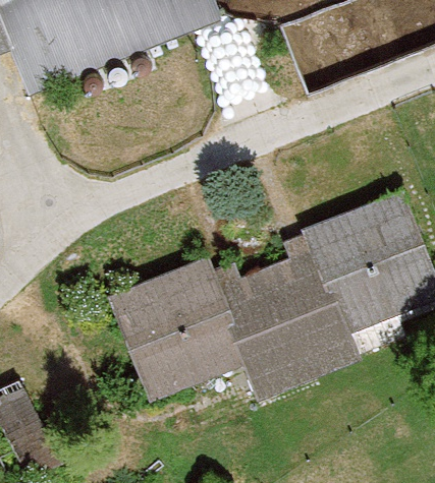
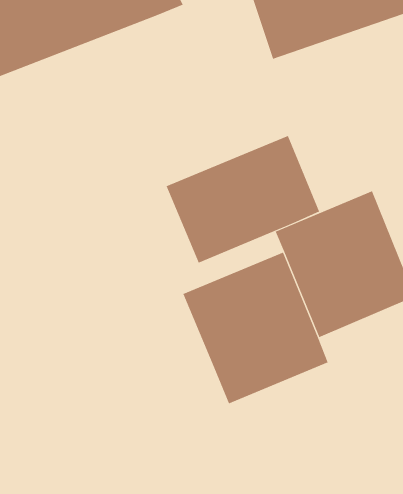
building: none -> [166,135,320,263]
building: [110,257,247,399] -> none

